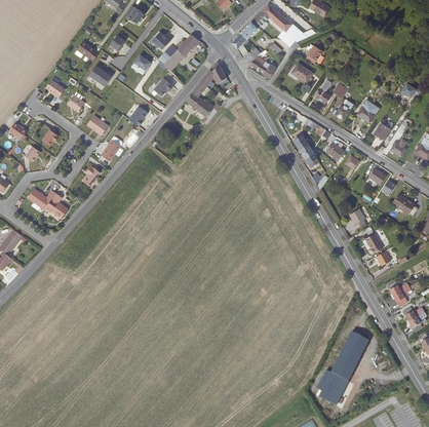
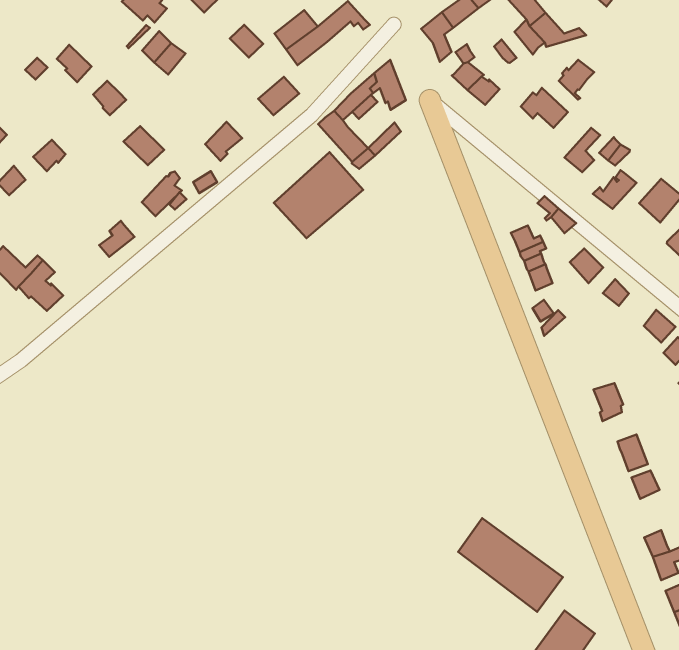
building: none -> [274,152,363,238]
building: none -> [458,518,563,612]

